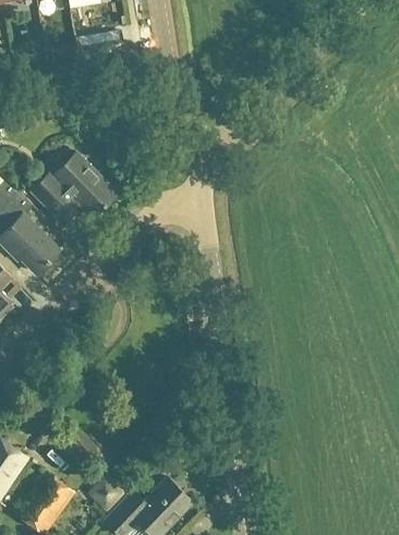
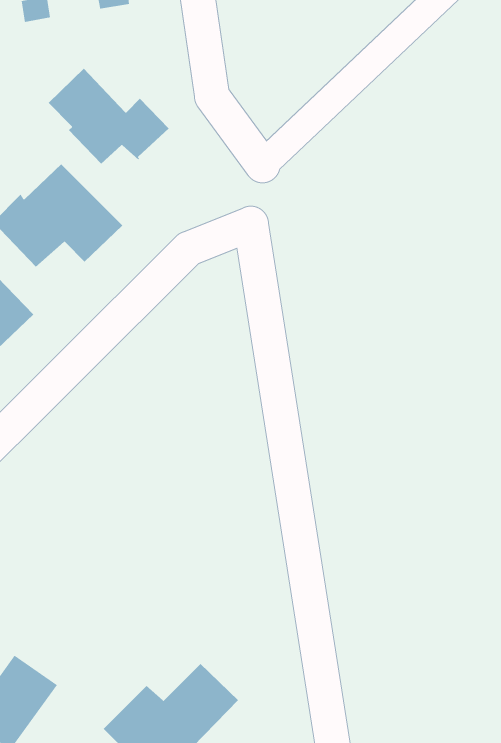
building: none -> [48,68,169,165]
building: [87,474,124,513] -> none

